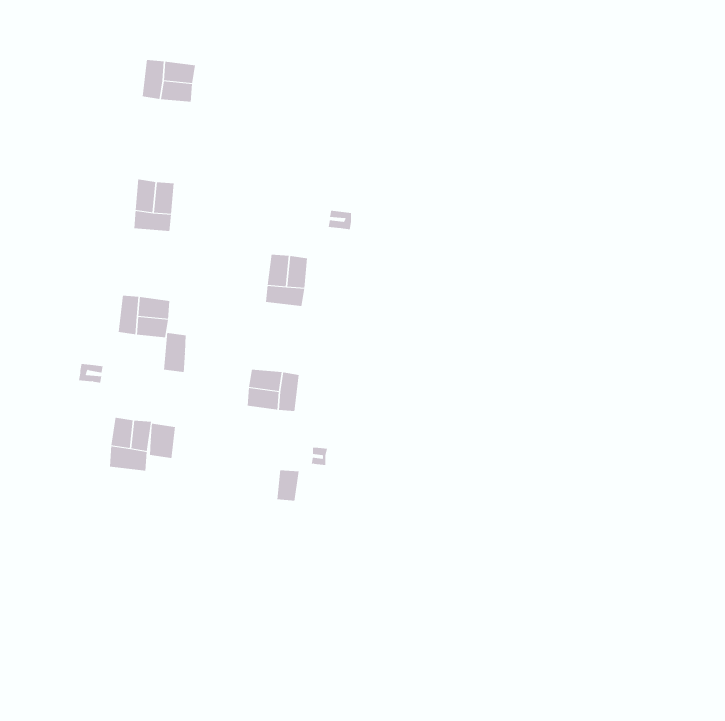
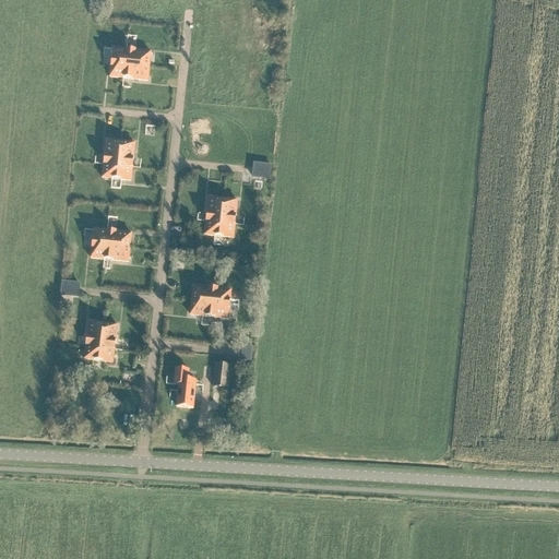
building: [163,332,186,373] -> none
building: [149,423,175,459] -> none
building: none -> [174,367,195,406]

